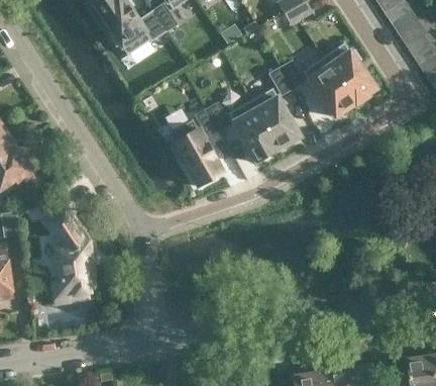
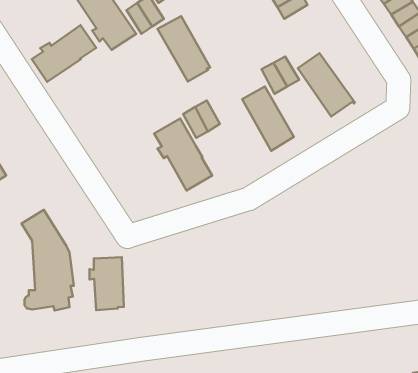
building: none -> [32,25,96,82]
building: [323,42,375,104] -> none
building: [228,101,278,163] -> [158,16,210,82]
building: none -> [89,257,124,310]

